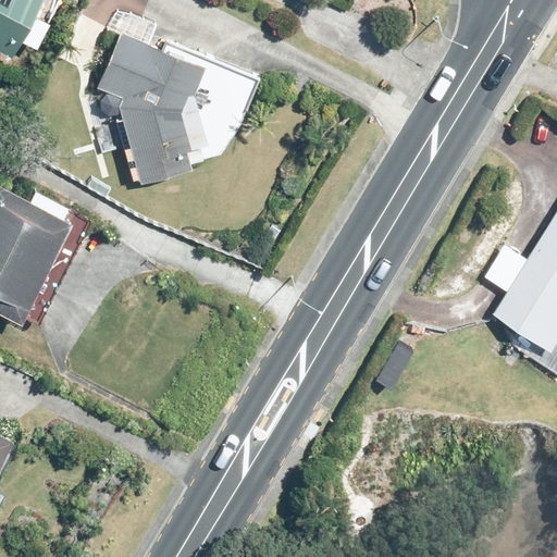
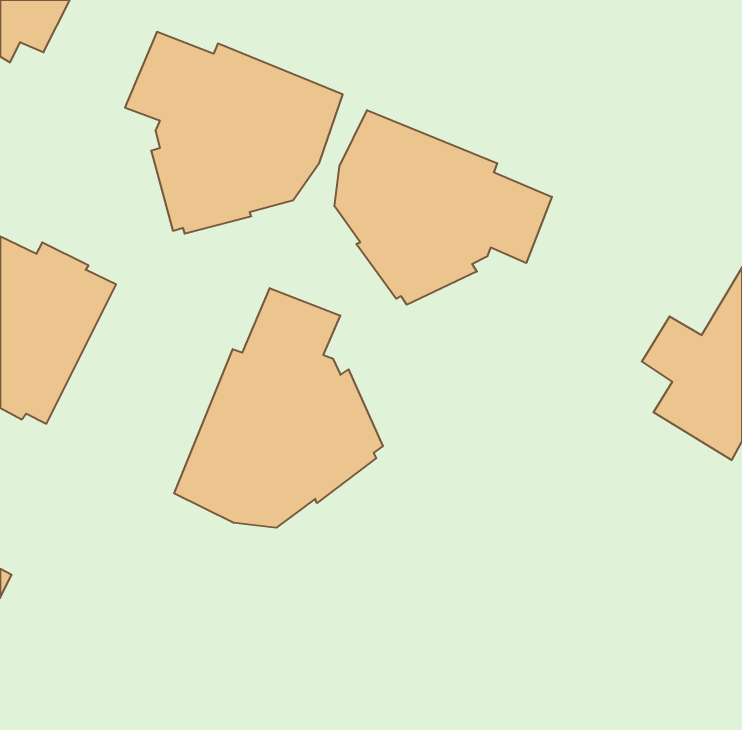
building: none -> [334,110,552,305]
building: none -> [174,288,383,528]

